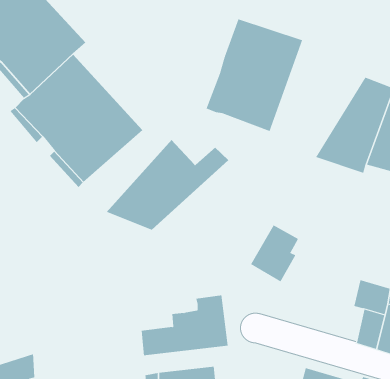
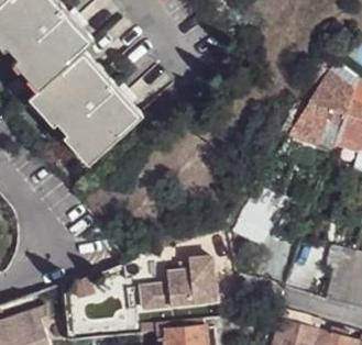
building: [206,18,303,132] -> none
building: [106,139,229,231] -> none

